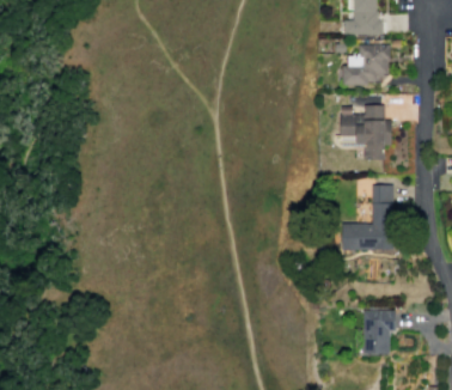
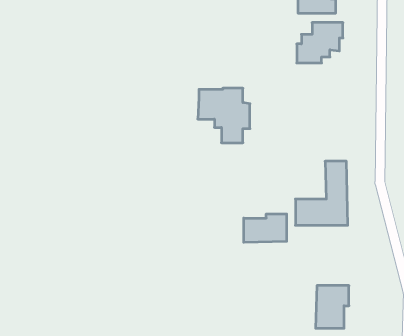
building: [340,105,392,160] -> [198,88,250,143]
building: none -> [244,214,287,242]

